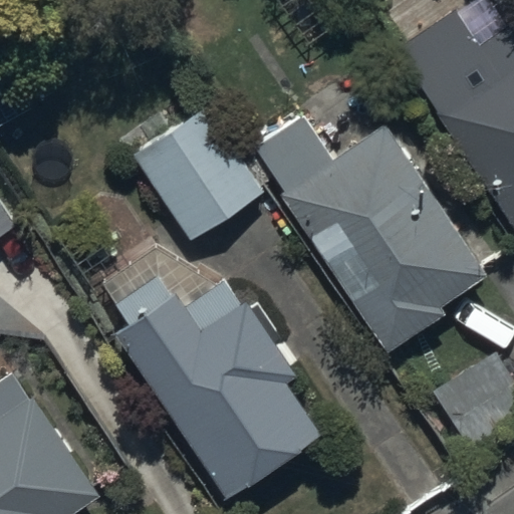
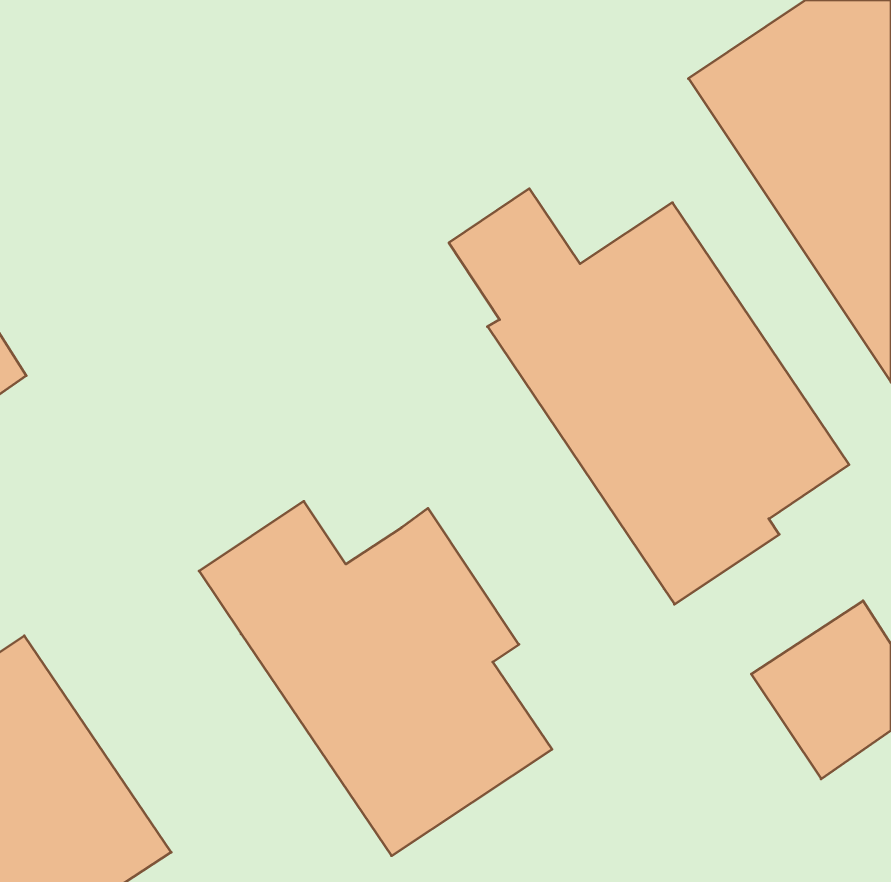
building: [132,102,262,240] -> none

